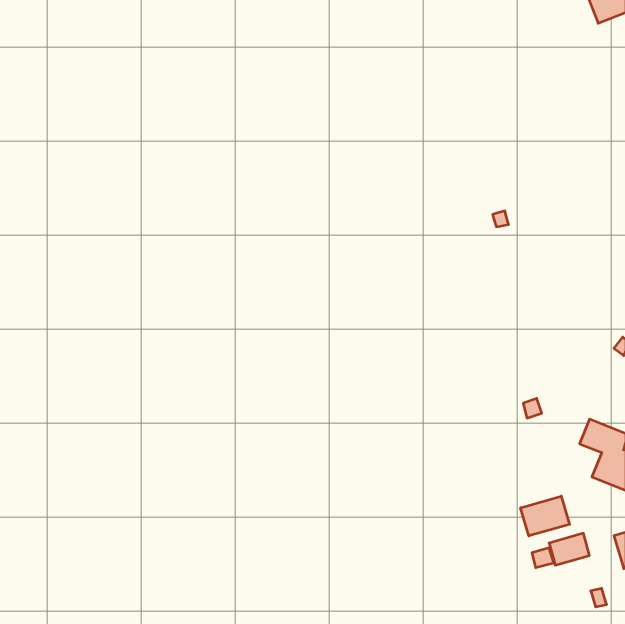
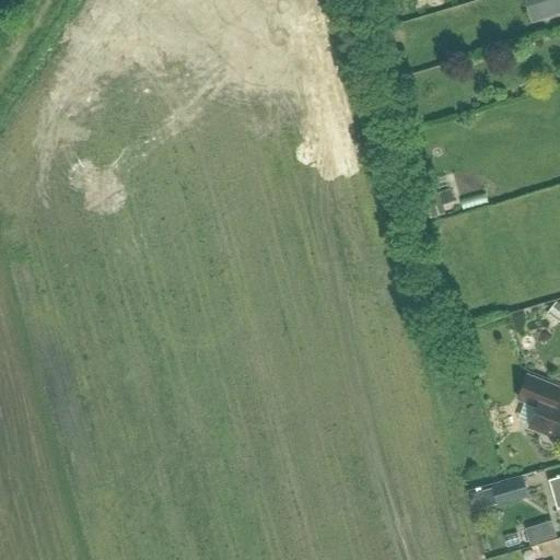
building: [521,496,570,536] -> none

